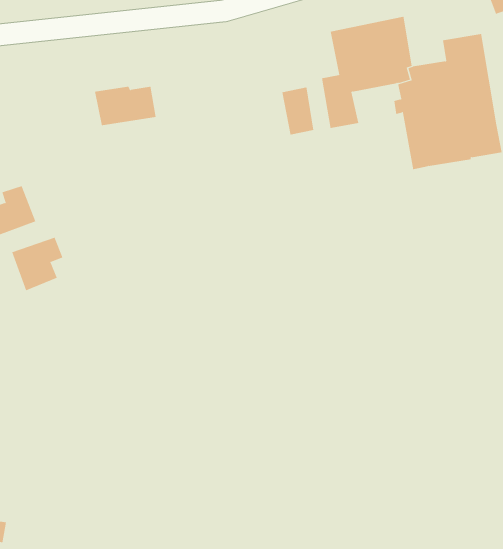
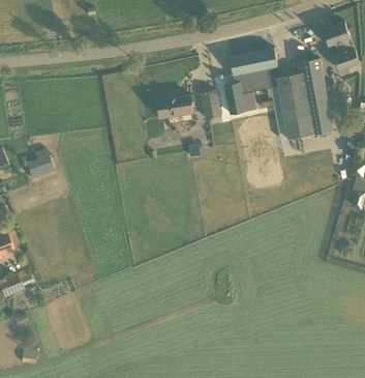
building: [94,86,156,126] -> [157,95,194,119]
building: [11,237,63,291] -> none

